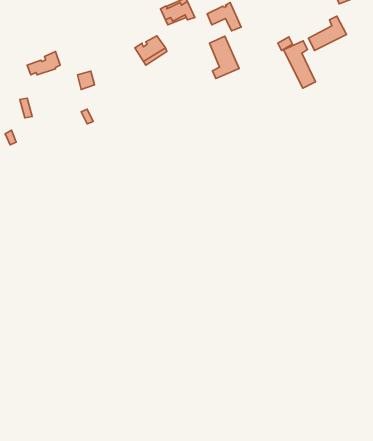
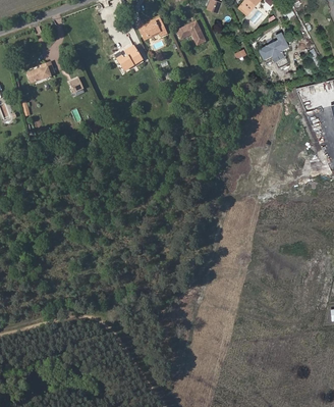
building: [210,36,239,78] -> none
building: [283,41,315,88] -> none

